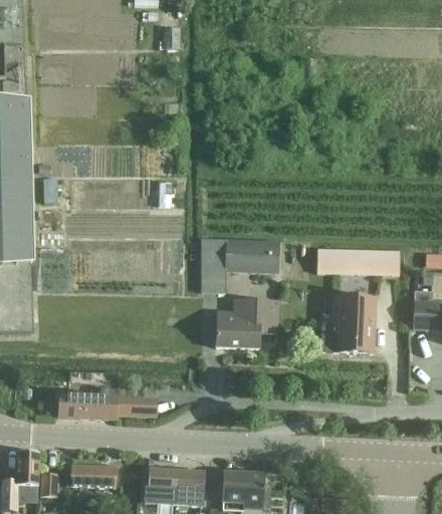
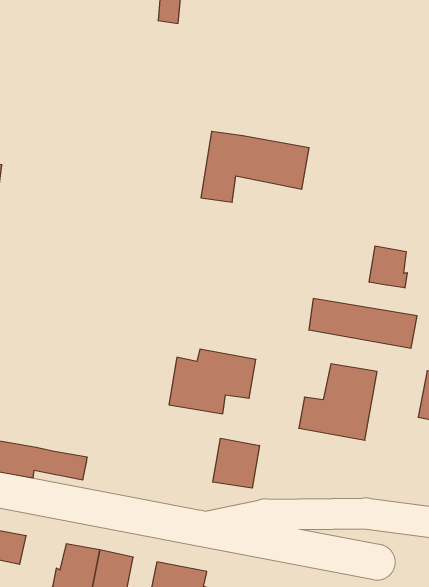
building: none -> [369,246,407,288]
building: [200,238,279,291] -> [201,131,309,202]
building: none -> [213,438,259,488]

